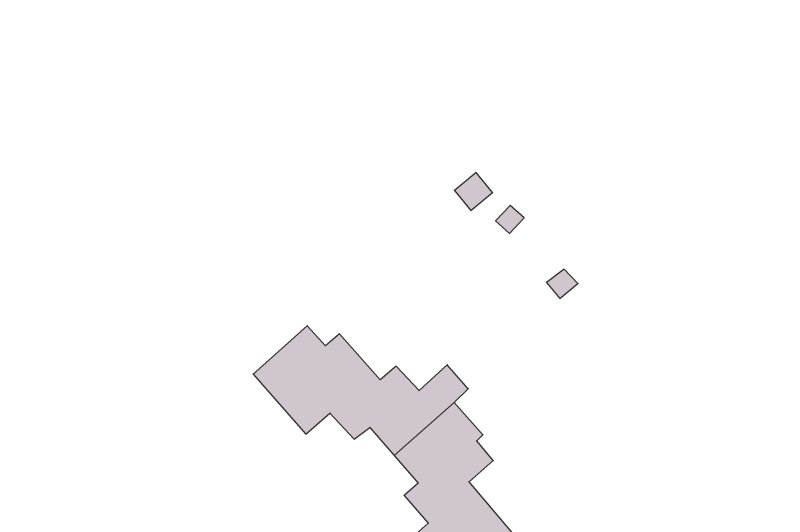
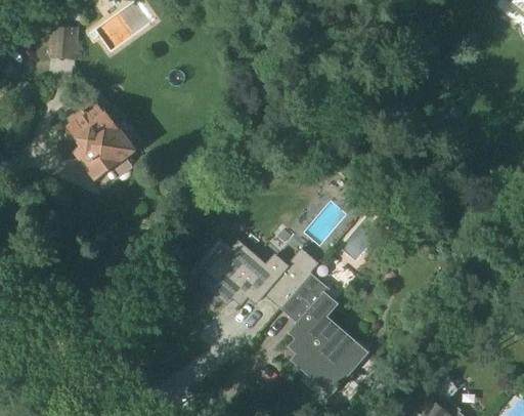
building: none -> [69,98,138,183]

